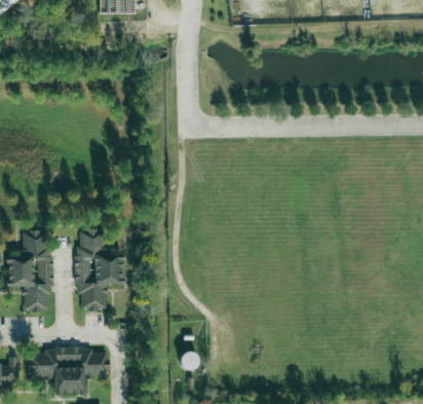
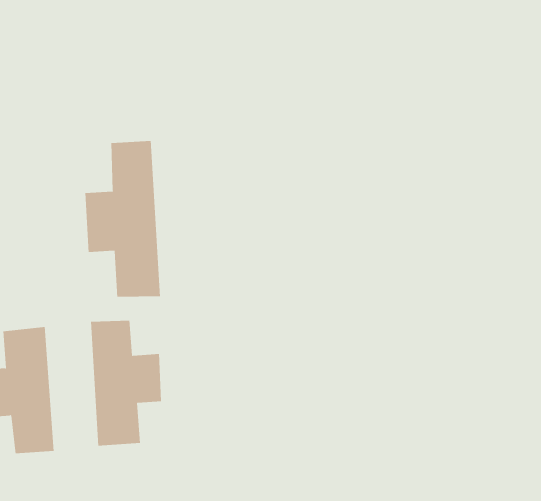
building: none -> [85,140,161,298]

